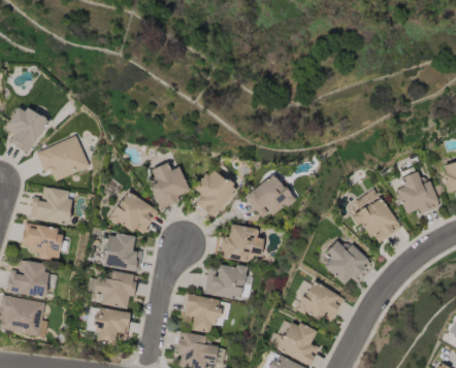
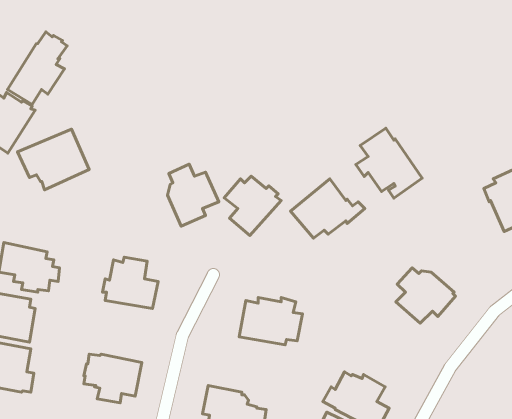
building: none -> [8,32,67,105]
building: [29,187,75,225] -> none
building: [351,189,401,242] -> [356,128,422,198]
building: [106,190,159,234] -> none
building: [220,224,264,262] -> none
building: [88,270,138,309] -> none
building: [295,280,345,323] -> none
building: [183,295,230,334] -> none

